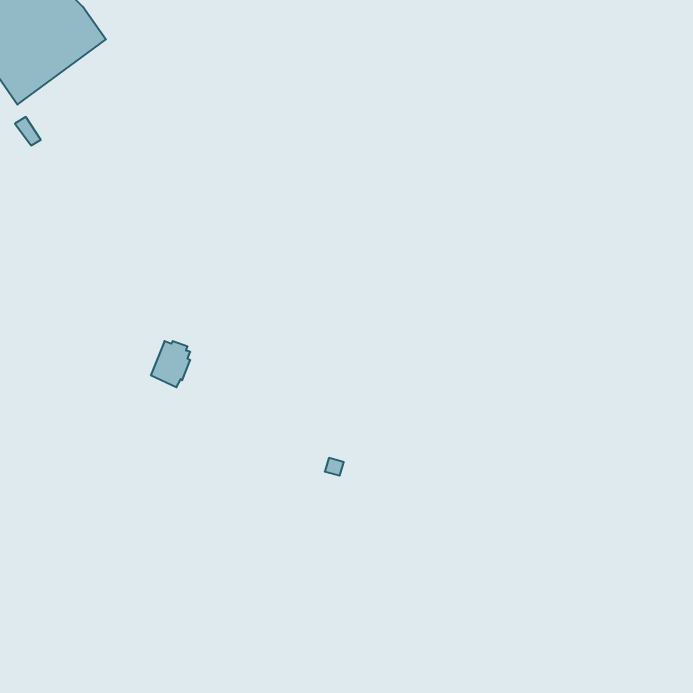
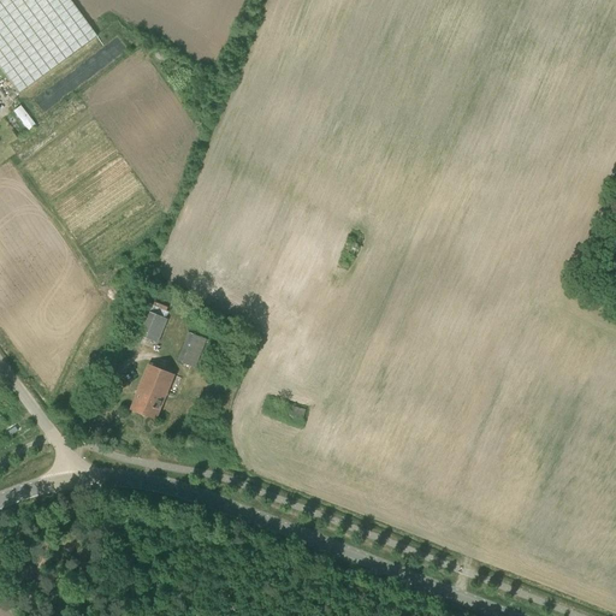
building: none -> [176,325,208,366]
building: none -> [130,365,173,419]

